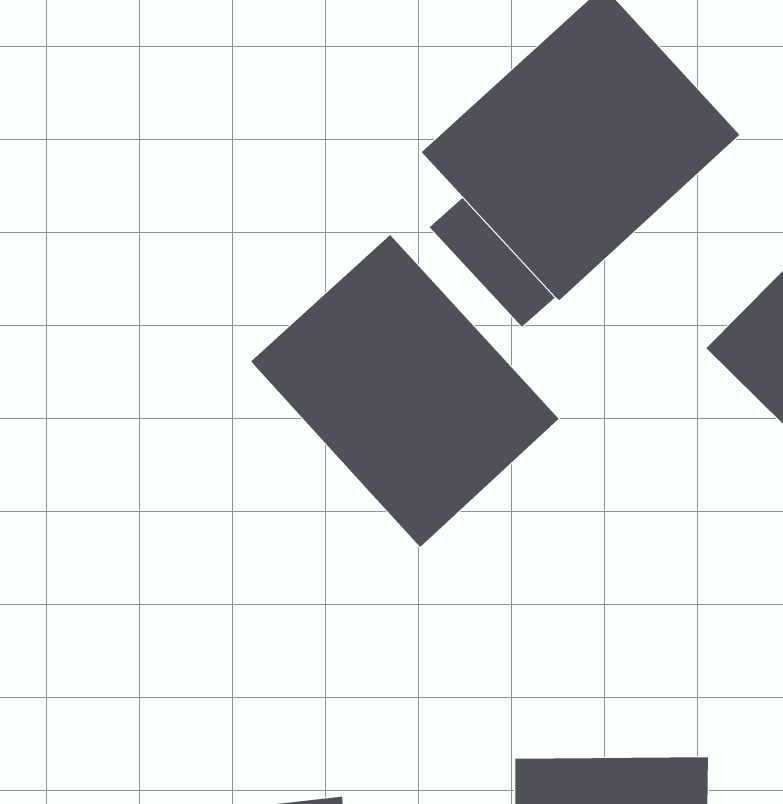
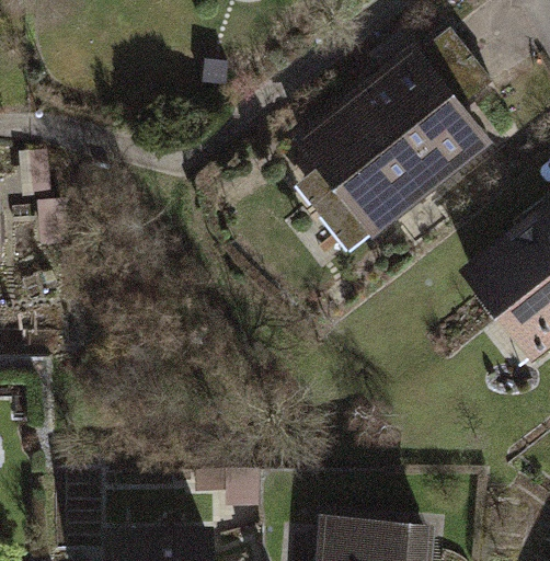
building: [251,234,559,548] -> none

